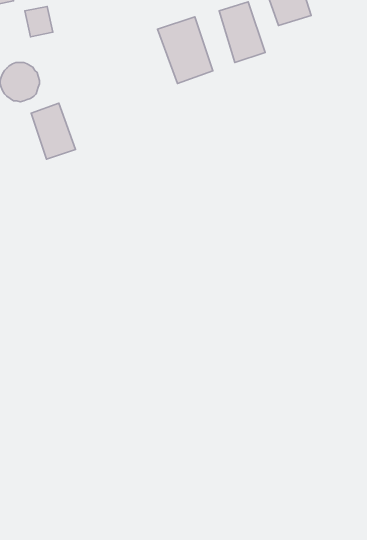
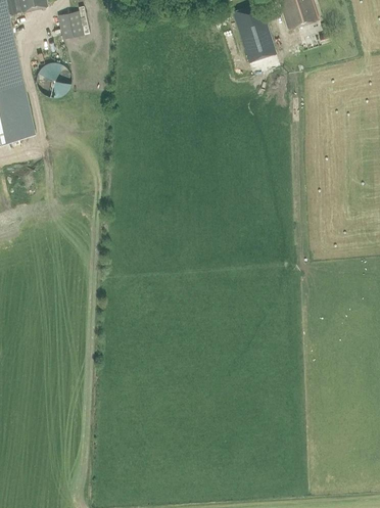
building: [158,17,213,83] -> none
building: [31,103,76,159] -> none

